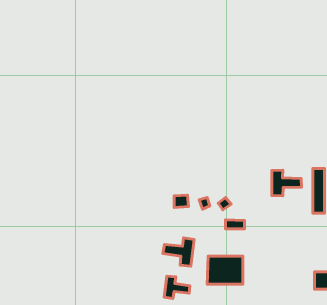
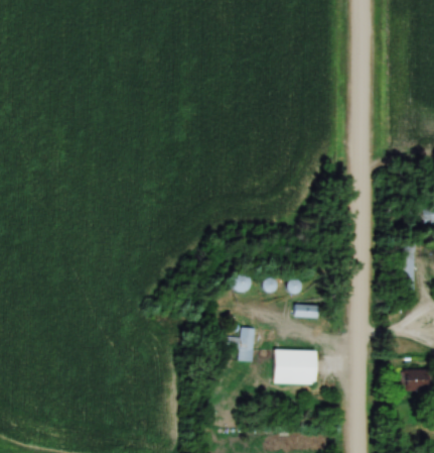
building: [272,170,302,196] -> none
building: [164,276,190,299] -> none

